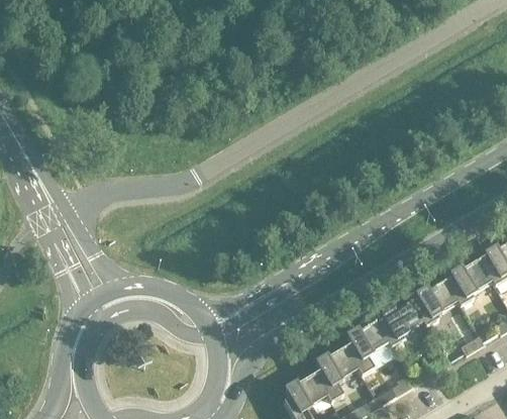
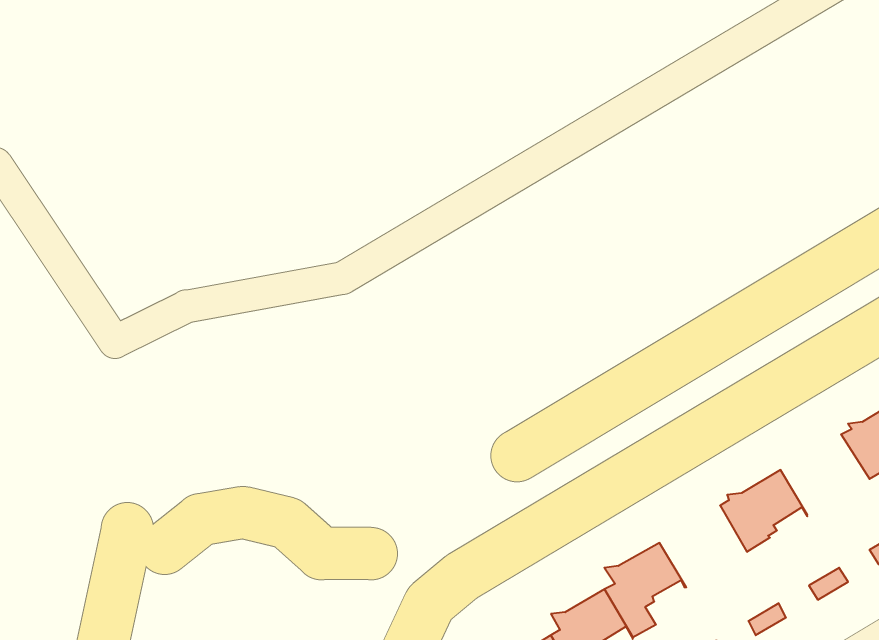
building: [444,258,495,304] -> none
building: [376,299,425,345] -> none

